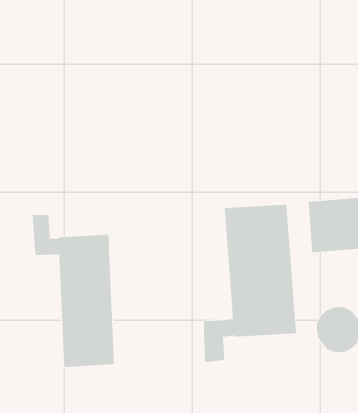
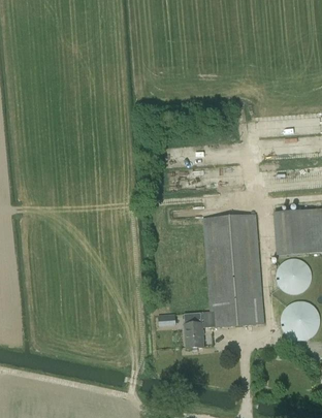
building: [32,214,115,368] -> none
building: none -> [276,257,311,293]

